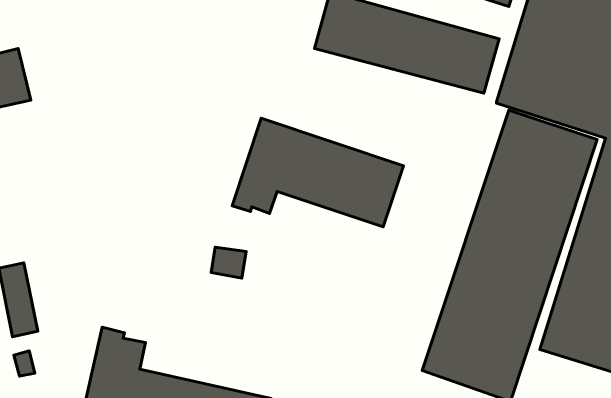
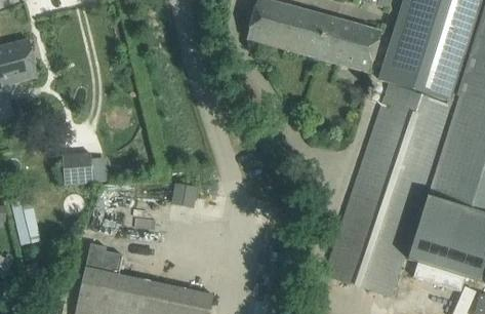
building: [232,118,403,227] -> none
building: none -> [64,156,95,185]

